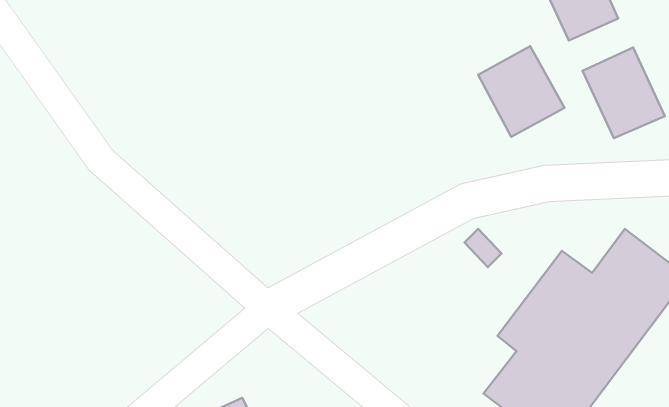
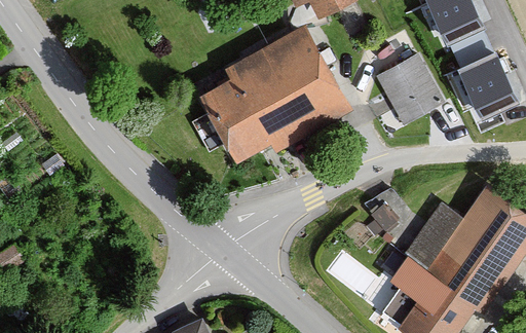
building: none -> [205,33,347,158]

